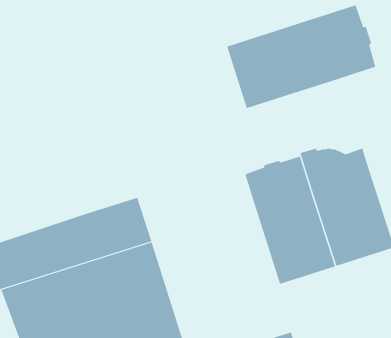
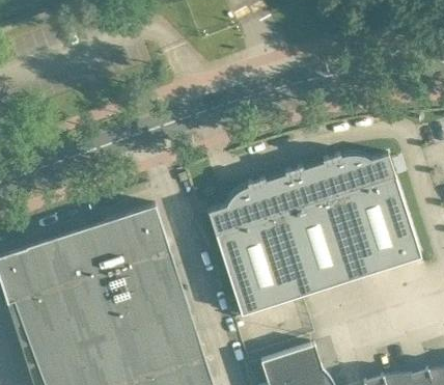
building: [227,4,376,109] -> none
building: none -> [209,181,302,317]

